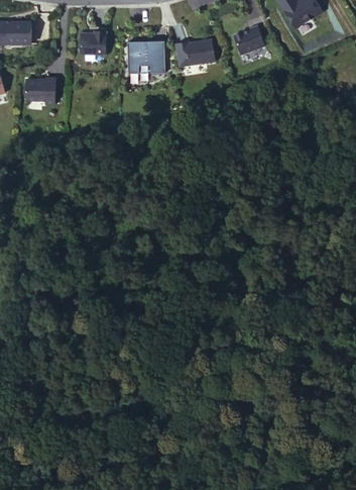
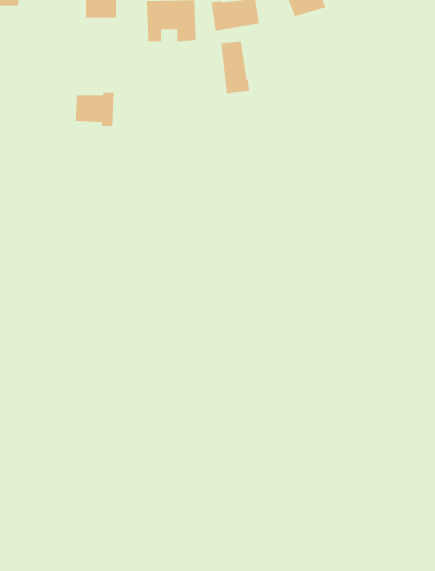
building: none -> [221,41,250,94]
building: [24,80,54,106] -> [75,92,114,126]

